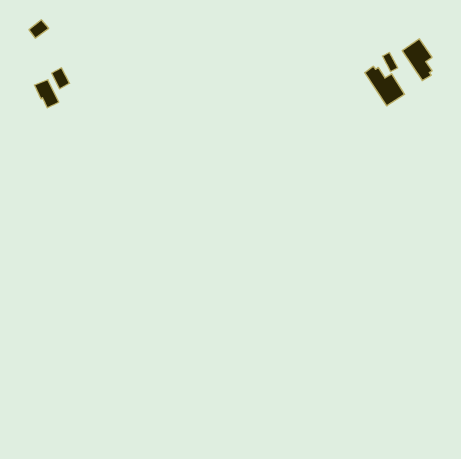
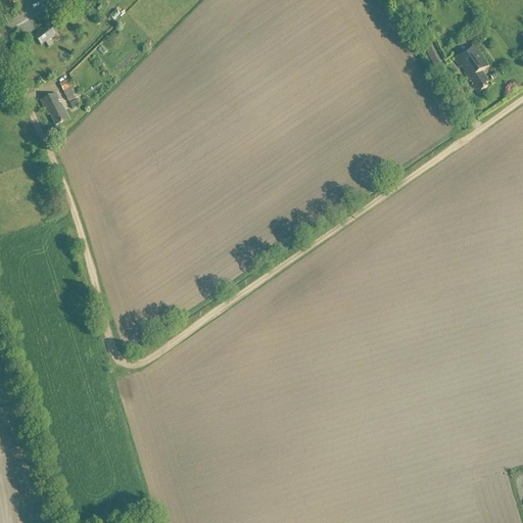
building: [365,66,405,106] -> none

